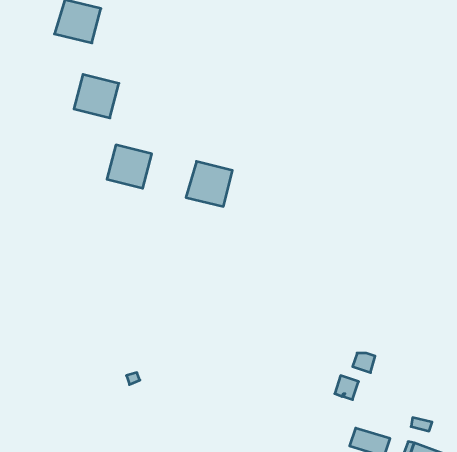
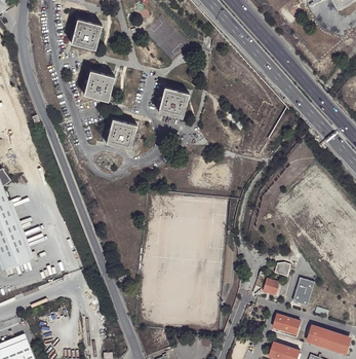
building: [186,161,232,206] -> [157,89,189,120]
building: none -> [292,276,313,304]

